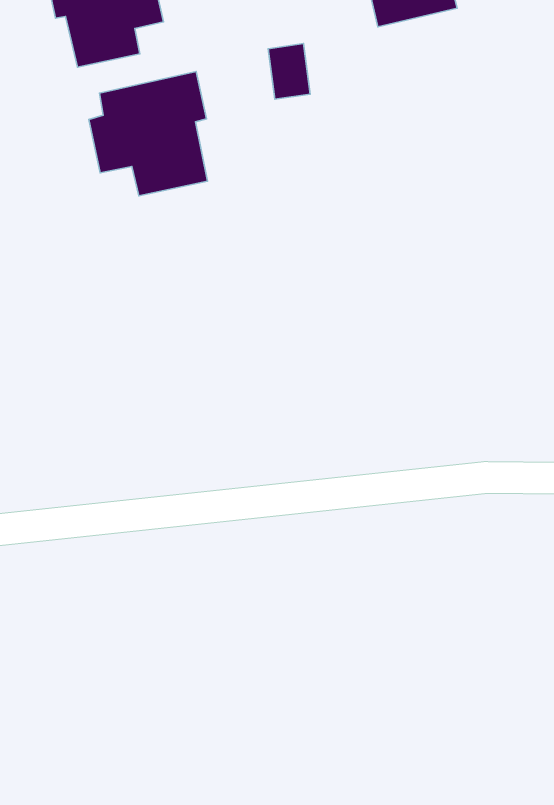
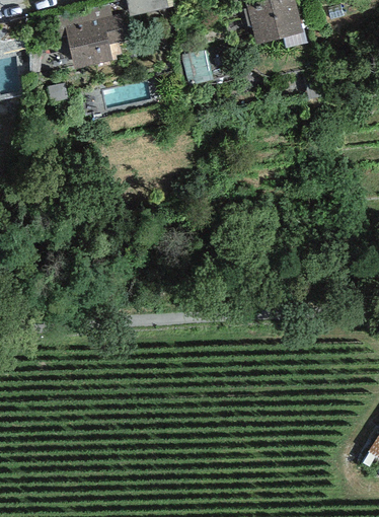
building: [89,72,208,196] -> none

